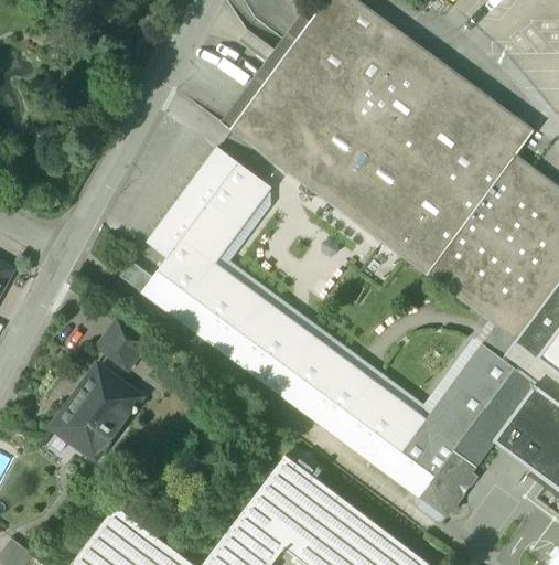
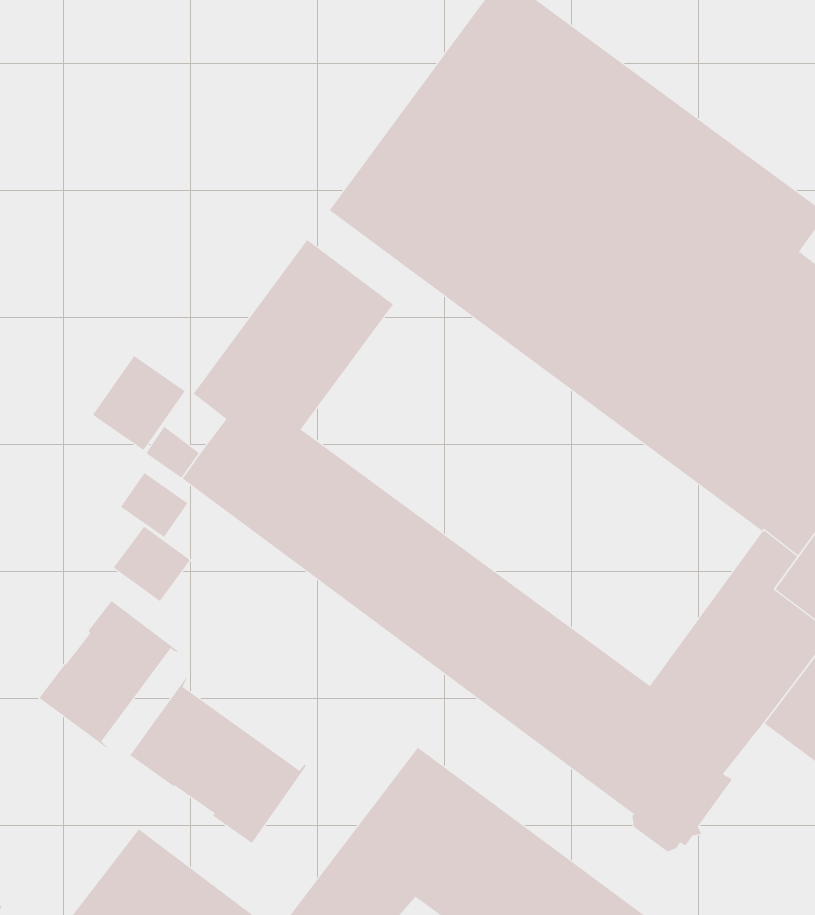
building: none -> [92,355,186,451]
building: none -> [120,472,188,538]
building: none -> [129,677,307,844]

